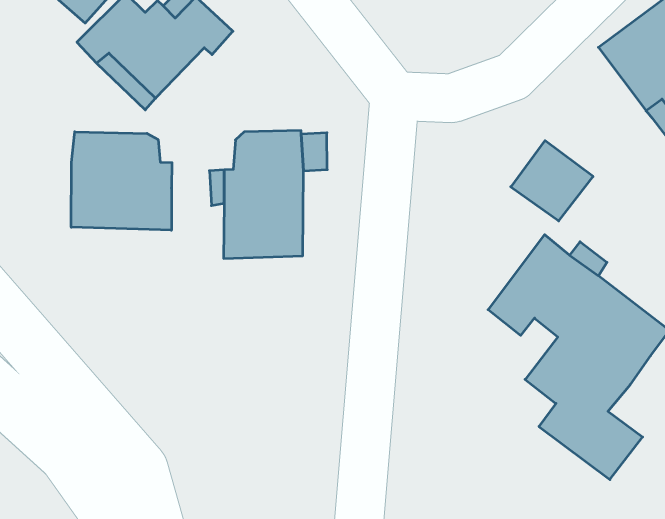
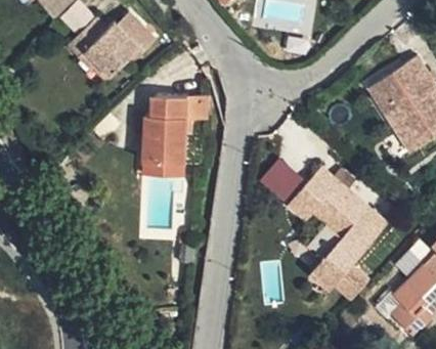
building: [71,132,172,230] -> none
building: [511,141,593,221] -> [257,159,303,204]

